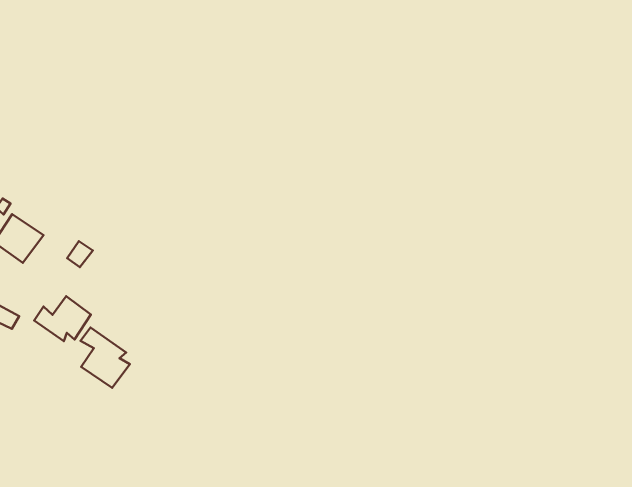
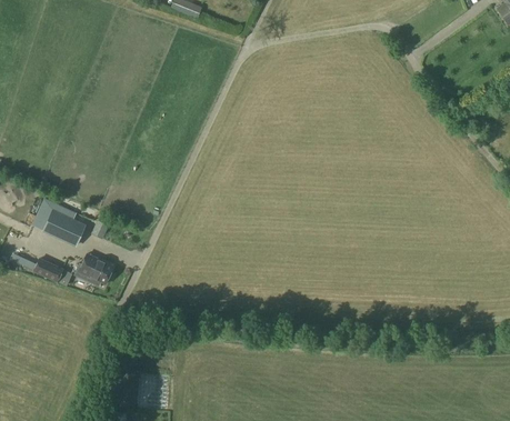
building: [81,328,130,388] -> none

